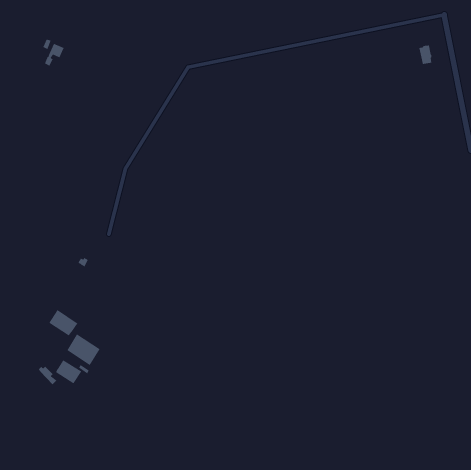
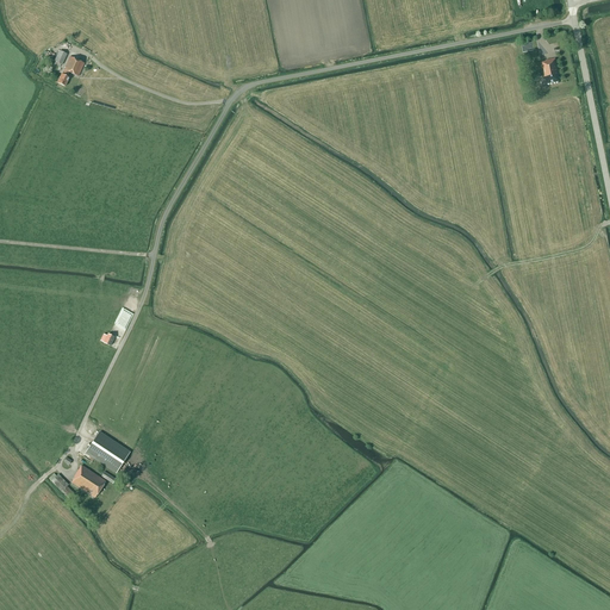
building: [49,309,78,336] -> none

